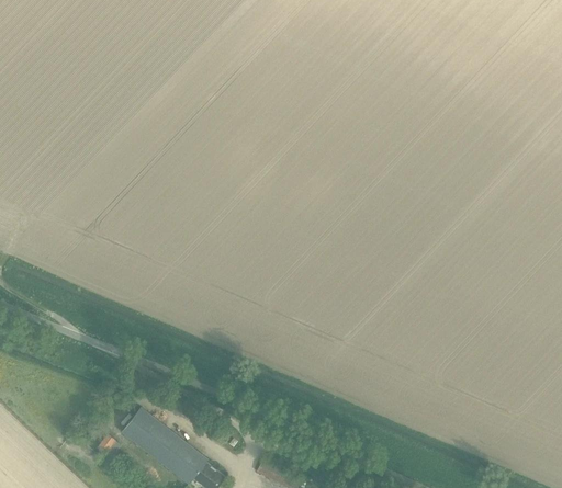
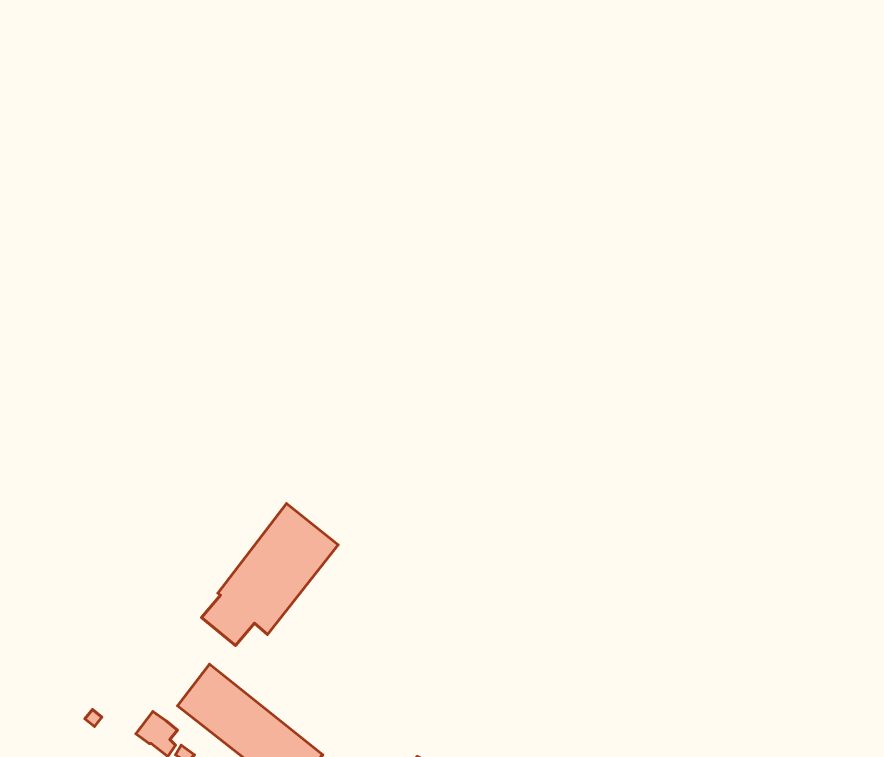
building: none -> [201,504,338,646]

